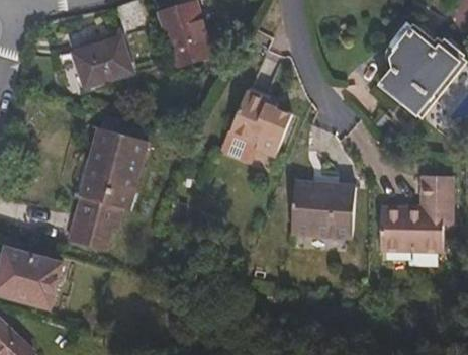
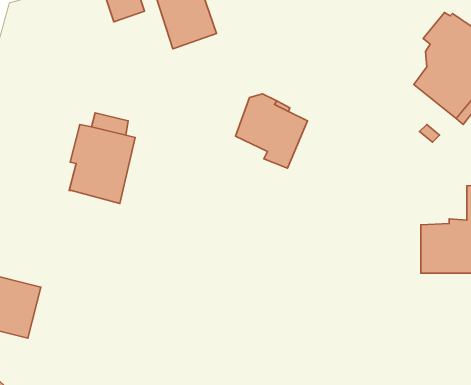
building: [69,32,129,83] -> none
building: [67,180,127,246] -> none
building: [296,185,358,237] -> none

